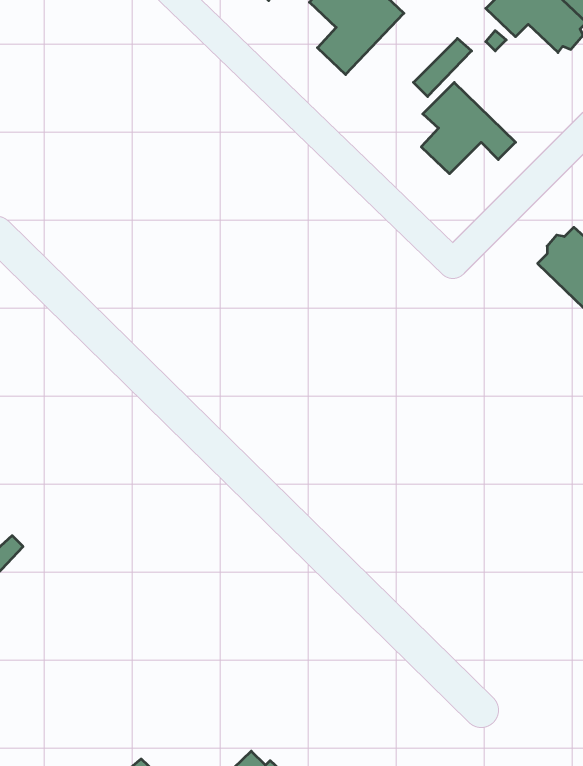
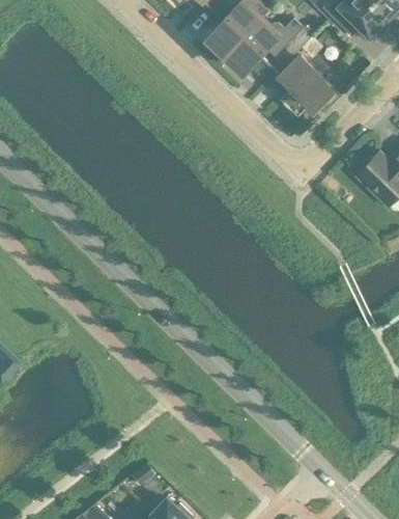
building: none -> [230,10,280,67]

